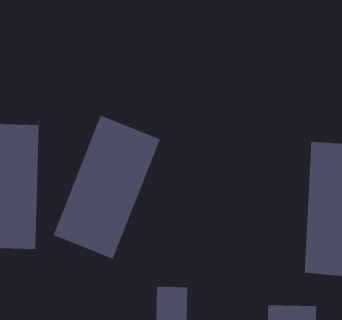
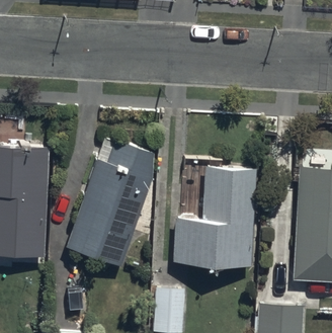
building: none -> [173,164,255,268]

